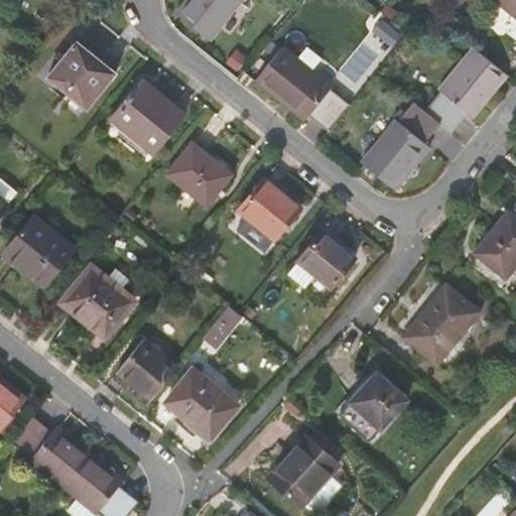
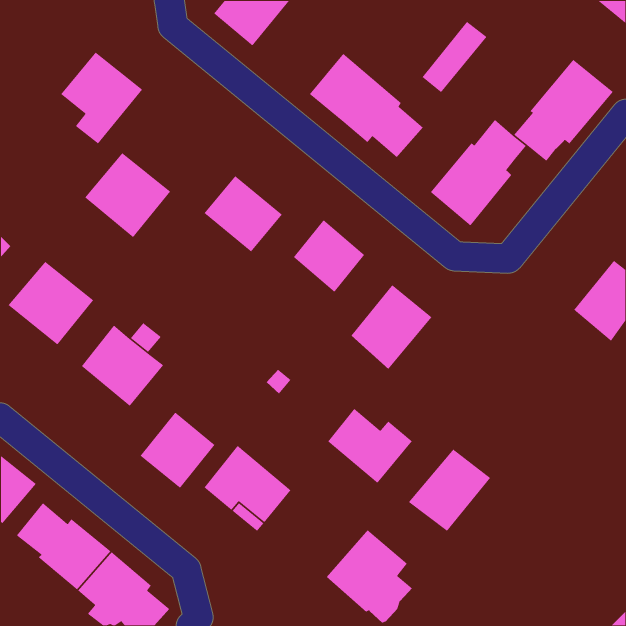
building: [114,83,185,153] -> [84,152,171,238]
building: [401,282,477,364] -> none
building: none -> [327,408,413,484]

